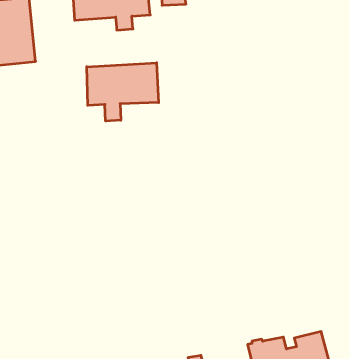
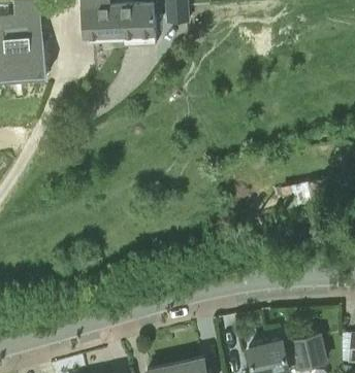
building: [87,63,159,121] -> none

